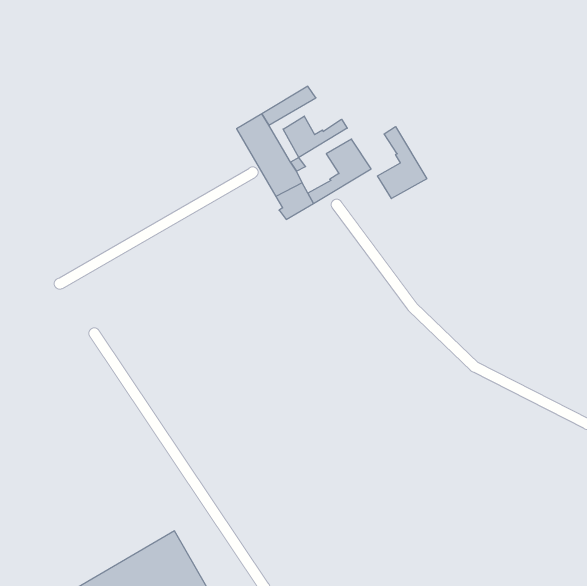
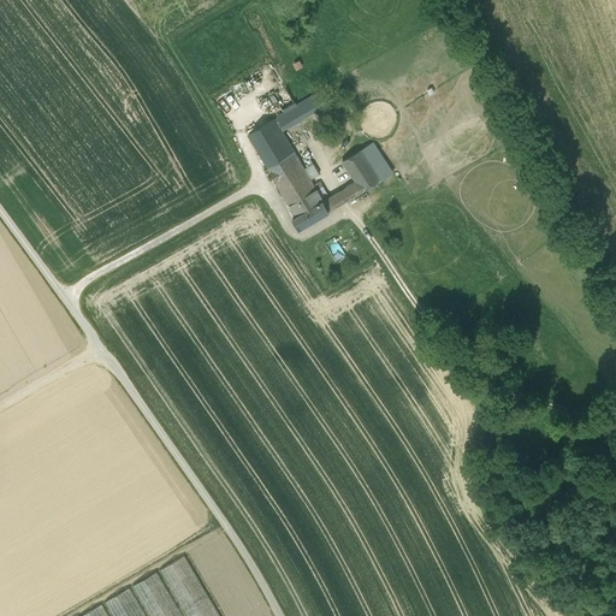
building: [283,116,347,157] -> none
building: [377,127,427,199] -> none

